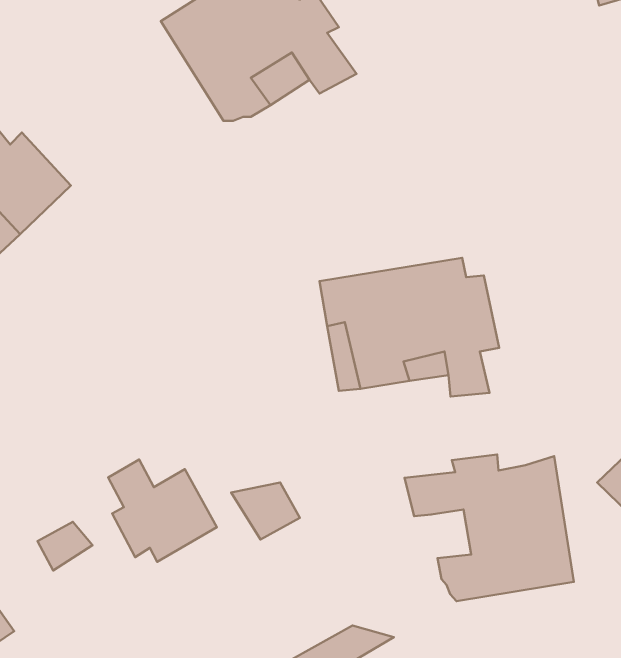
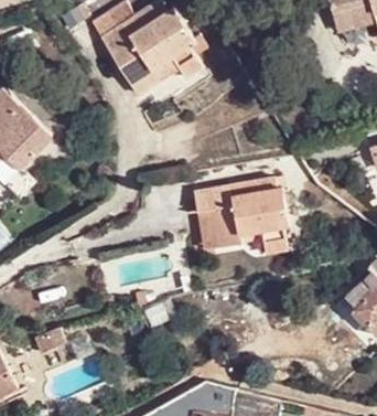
building: [405,455,574,601] -> none
building: [108,460,217,562] -> none

